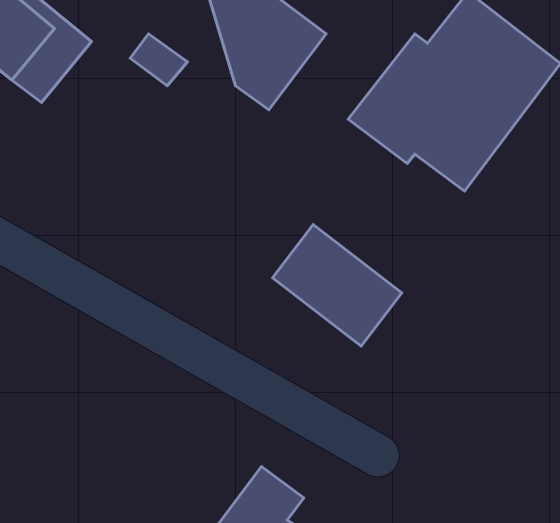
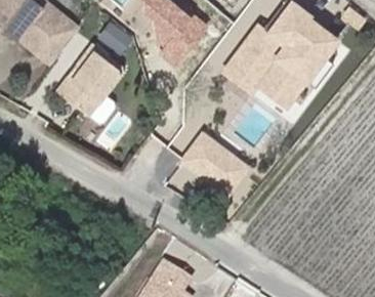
building: none -> [53,45,119,123]

